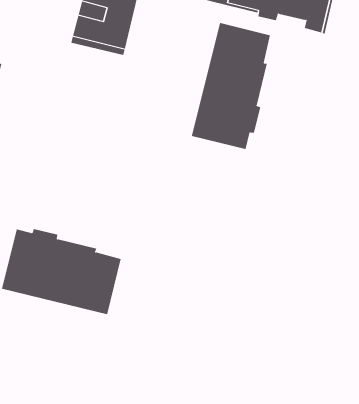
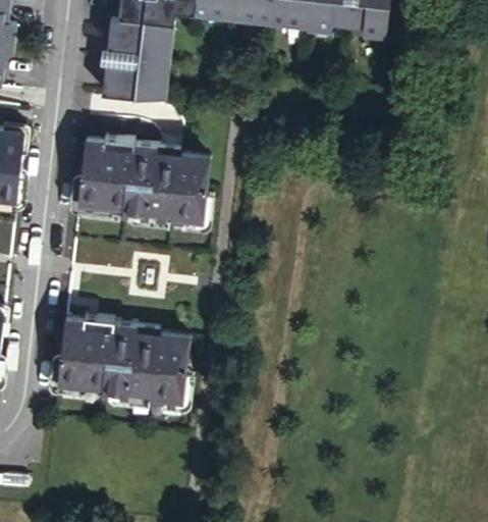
building: [191,22,271,150] -> none
building: none -> [76,134,210,221]

